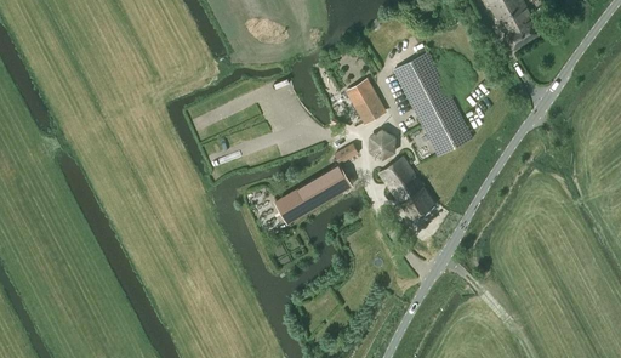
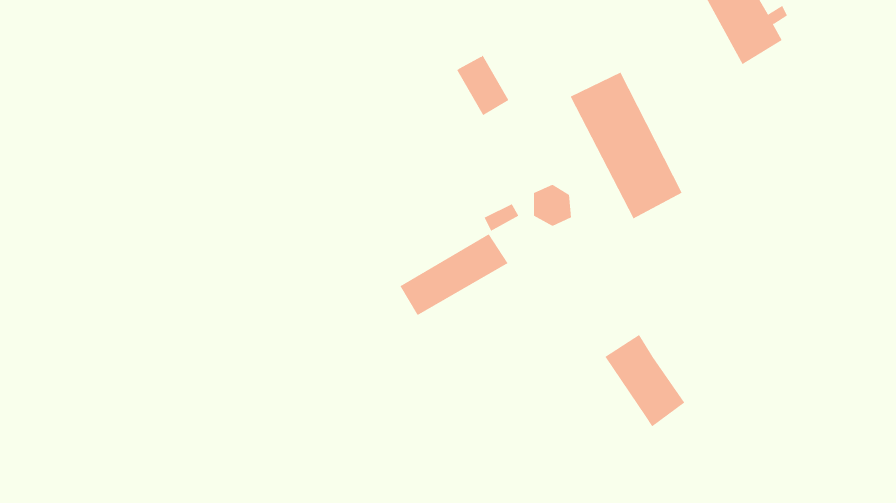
building: [348,80,384,123] -> [457,54,509,116]
building: [380,158,435,222] -> [604,334,685,427]

